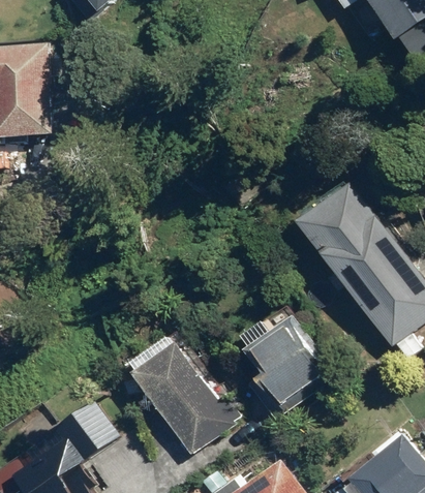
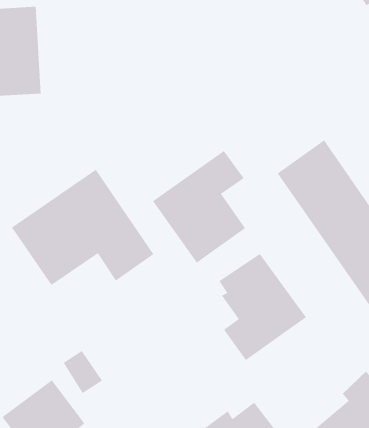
building: none -> [152,150,246,264]
building: none -> [11,169,154,286]
building: [130,332,237,455] -> none

